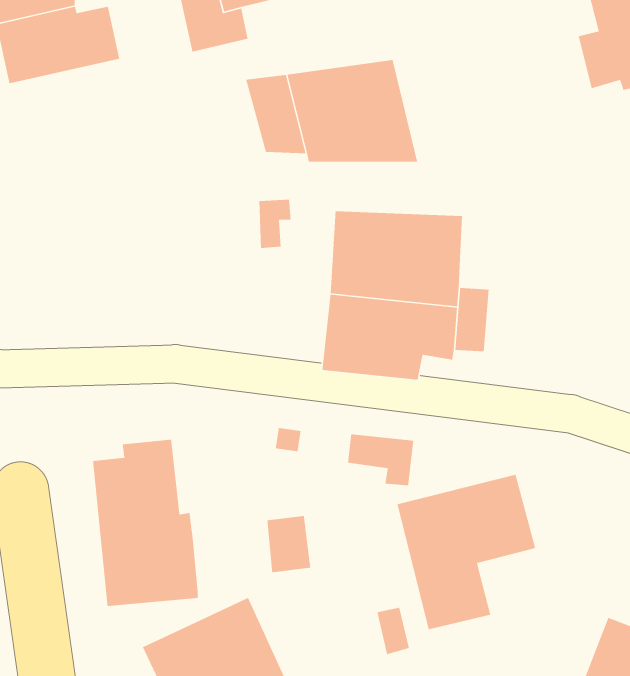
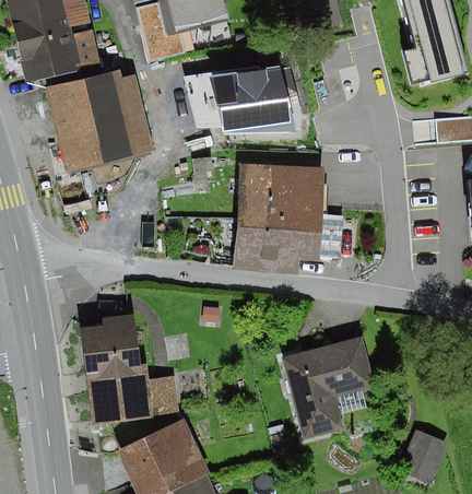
building: none -> [47,70,153,173]
building: [347,433,414,486] -> none
building: [266,515,311,573] -> [149,376,178,414]

